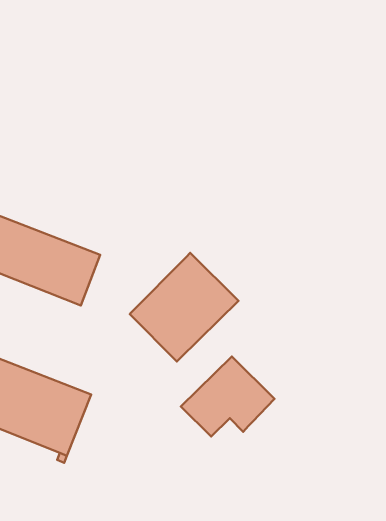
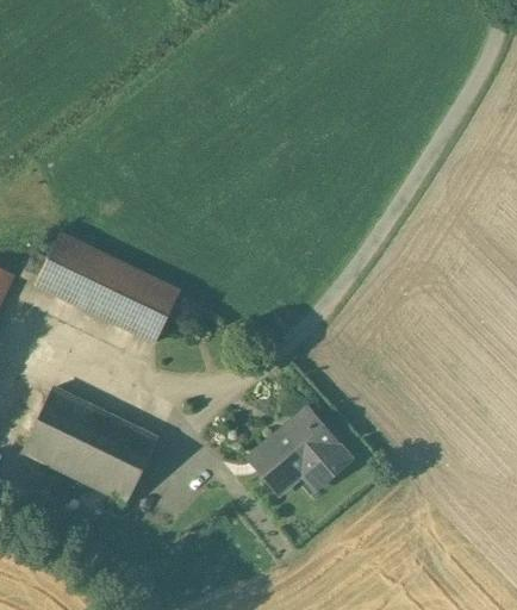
building: [130,253,238,362] -> none

